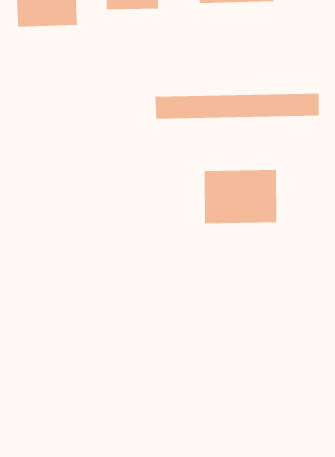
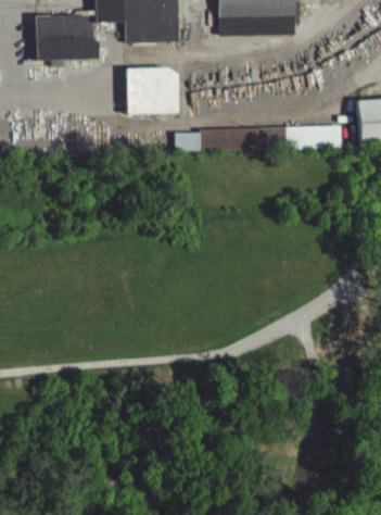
building: none -> [126,66,179,113]
building: [204,169,277,224] -> none

